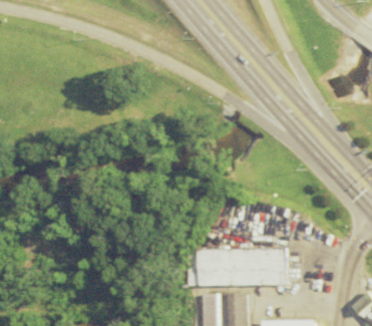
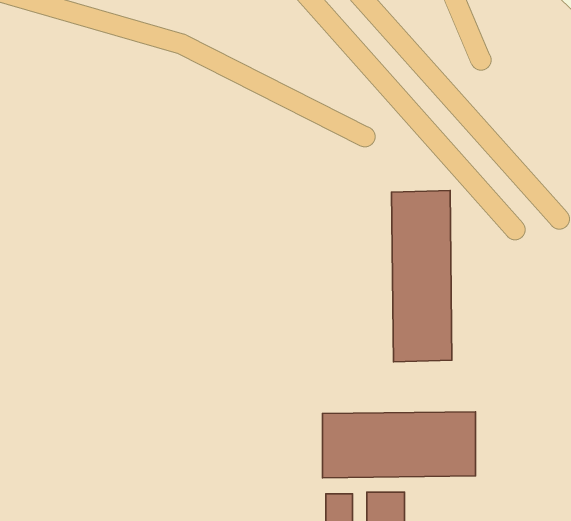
building: none -> [391,191,452,362]

